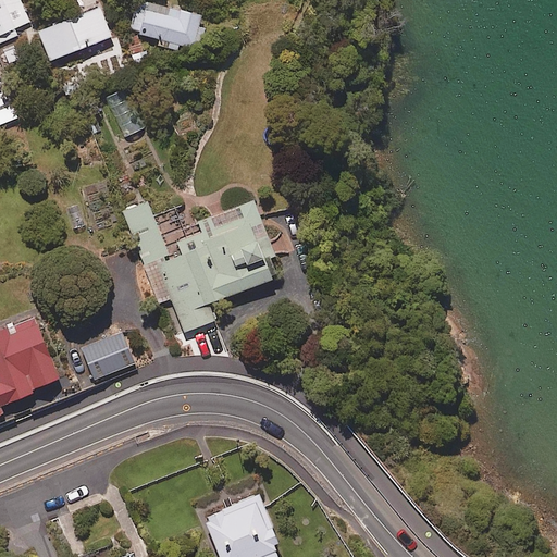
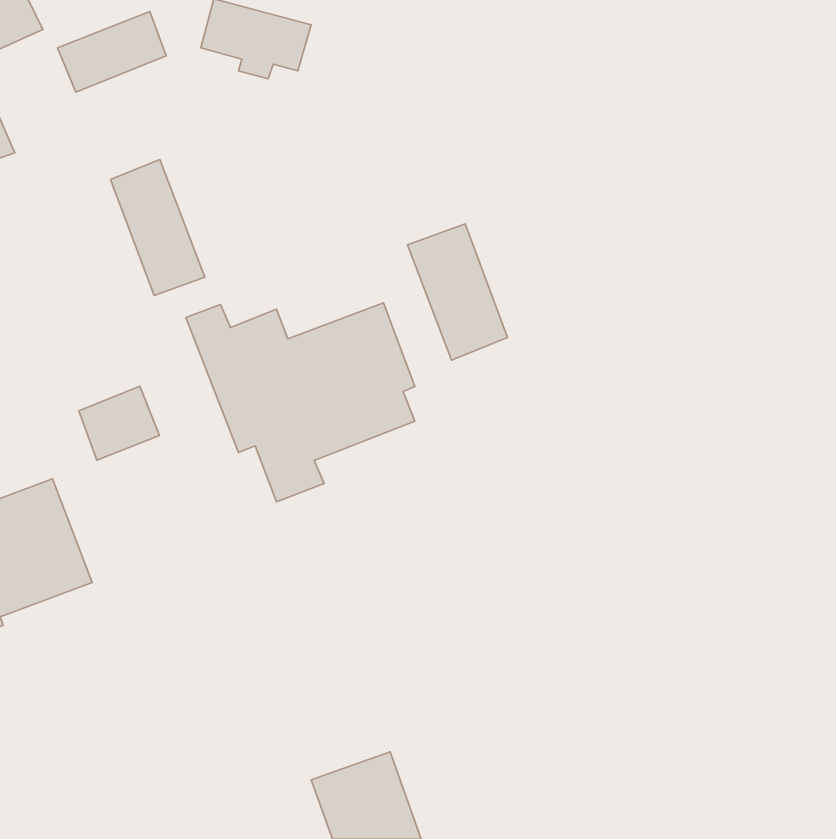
building: none -> [111,159,205,296]
building: none -> [408,224,508,360]
building: [82,331,135,380] -> [79,386,160,460]

